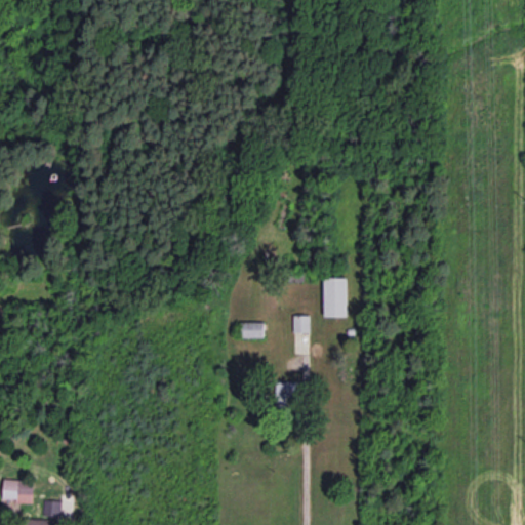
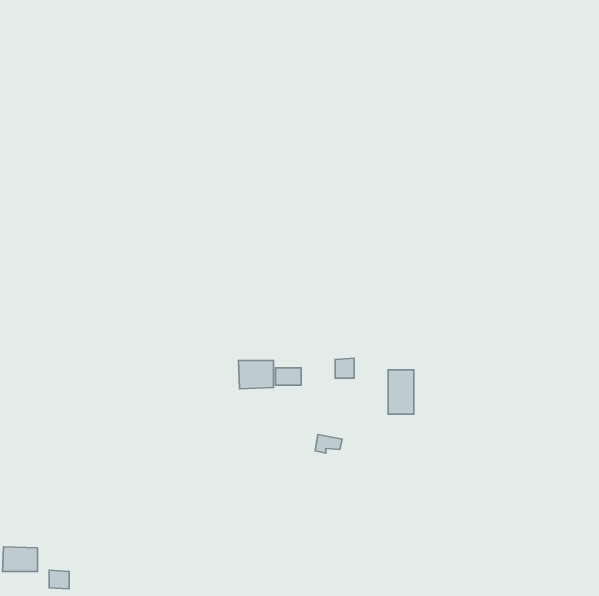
building: [324,279,347,318] -> [388,370,414,414]
building: none -> [238,361,274,389]

